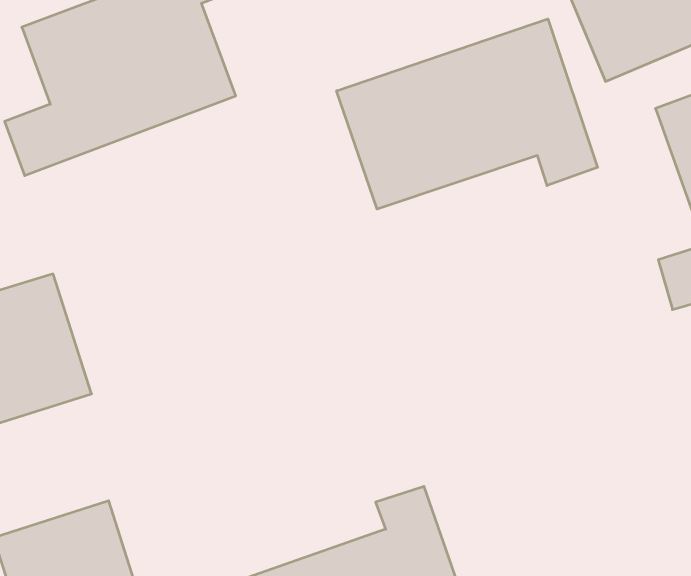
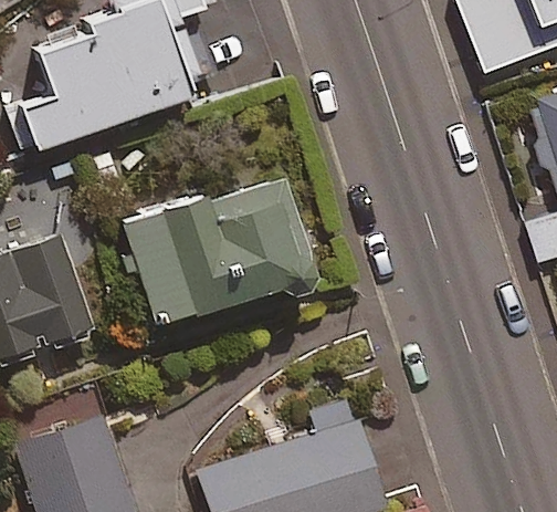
building: [337,19,598,209] -> none
building: none -> [124,177,317,333]

